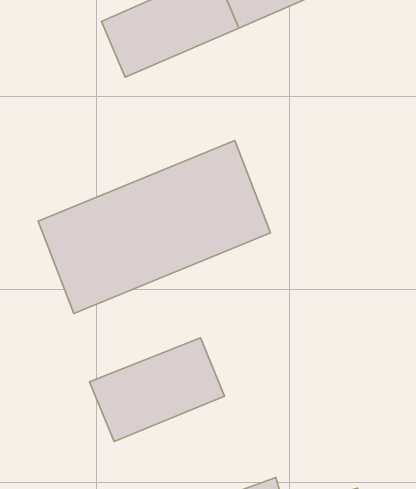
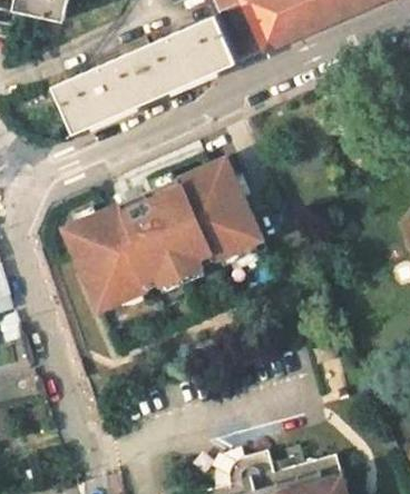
building: none -> [53,58,139,135]
building: [89,338,225,441] -> none

